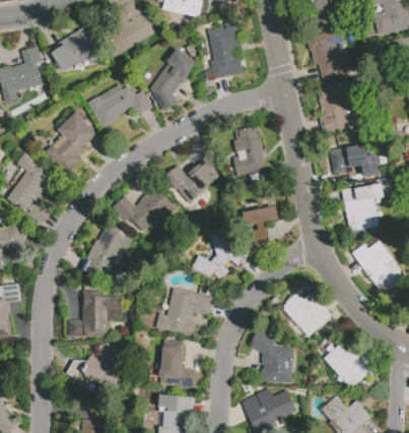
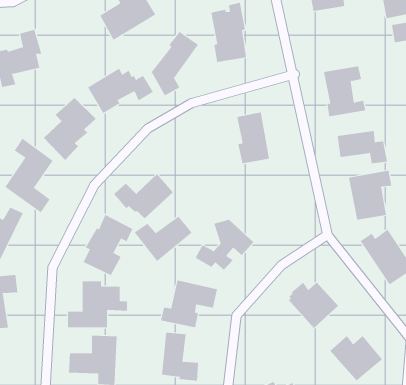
building: [51,22,108,72] -> none
building: [308,29,350,79] -> none
building: [164,159,221,203] -> [134,216,192,262]
building: [244,206,277,248] -> none
building: [250,330,291,383] -> none

